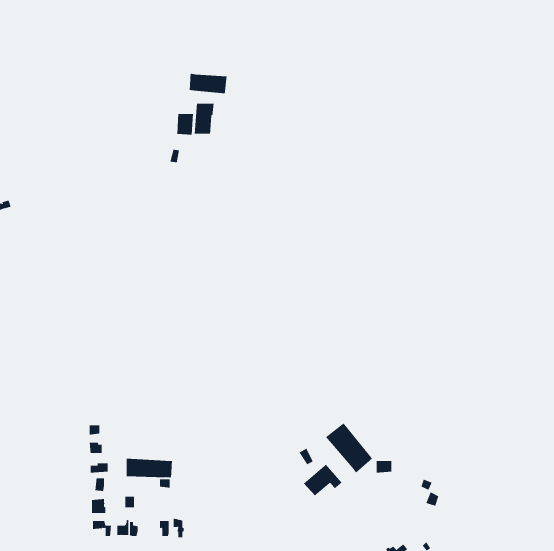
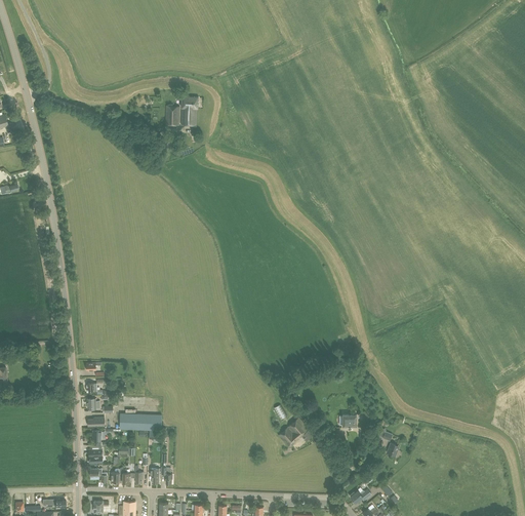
building: [189,73,227,94] -> none
building: [325,422,373,473] -> none

